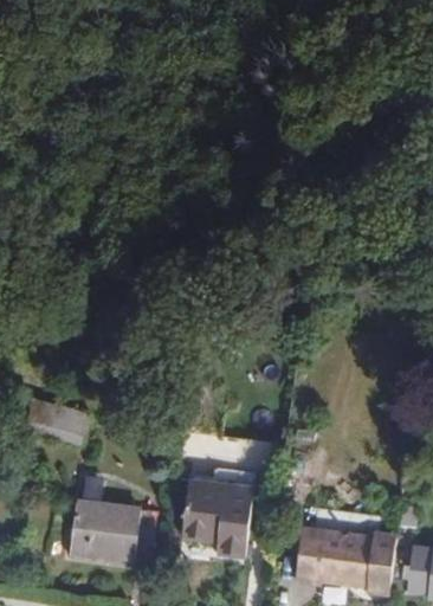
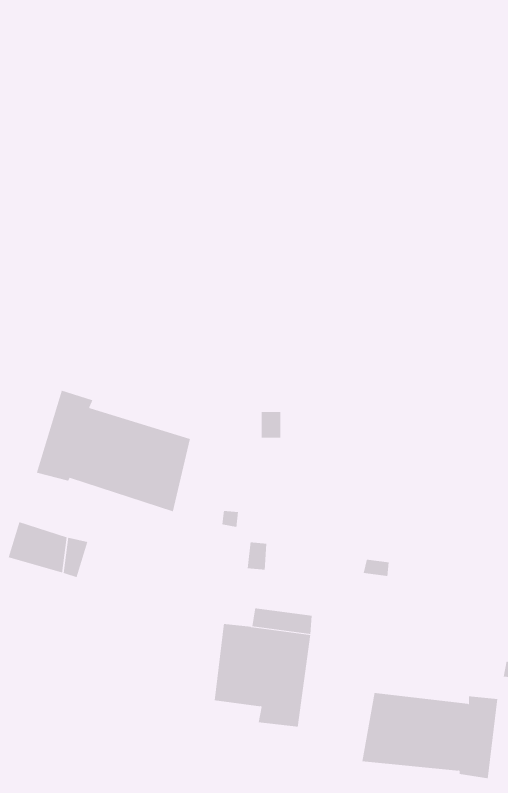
building: none -> [36,390,191,512]
building: [69,501,157,562] -> none

